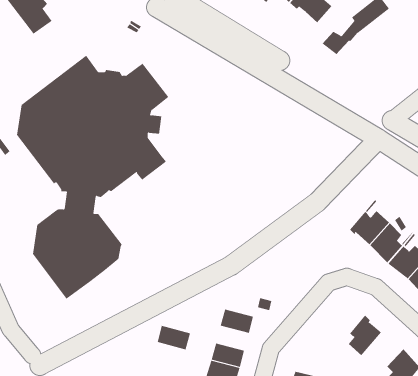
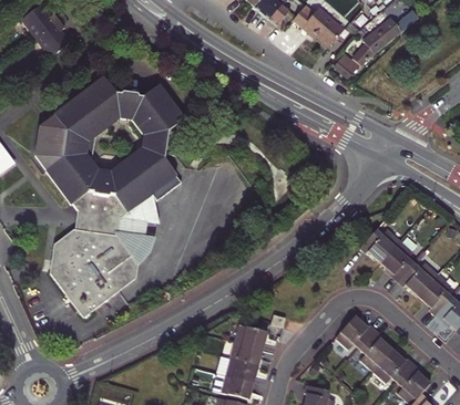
building: none -> [111,194,160,261]
building: none -> [335,314,376,349]
building: [157,325,191,350] -> [229,341,263,365]
building: none -> [372,347,413,382]

